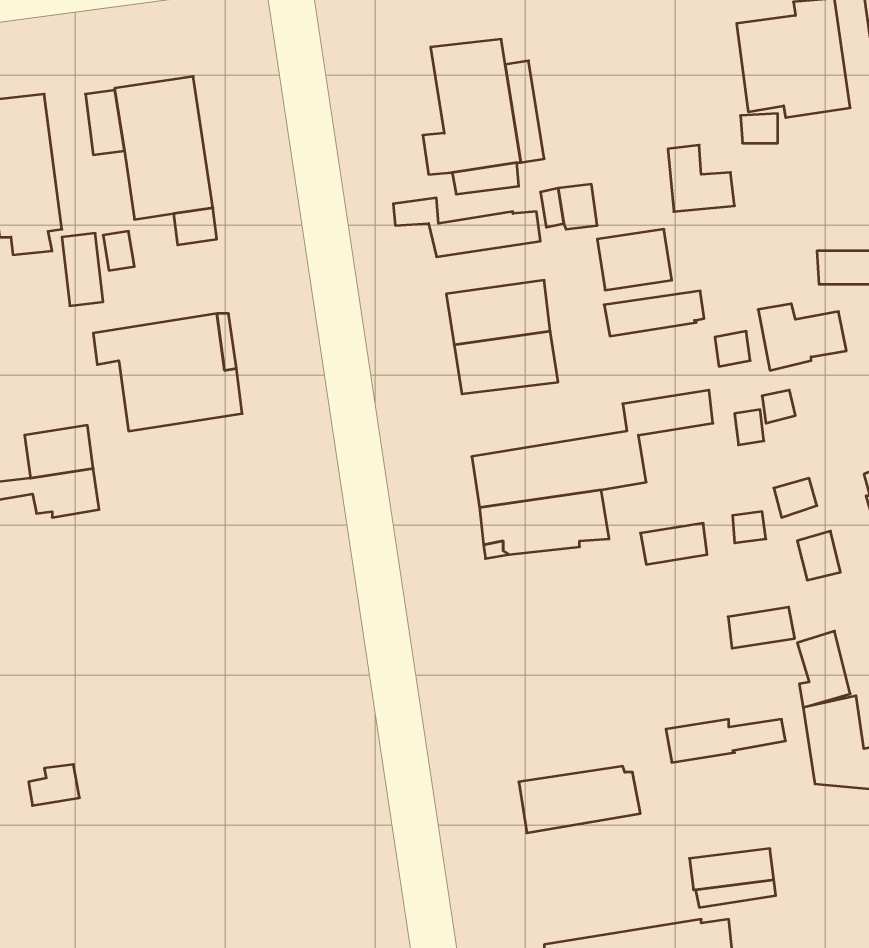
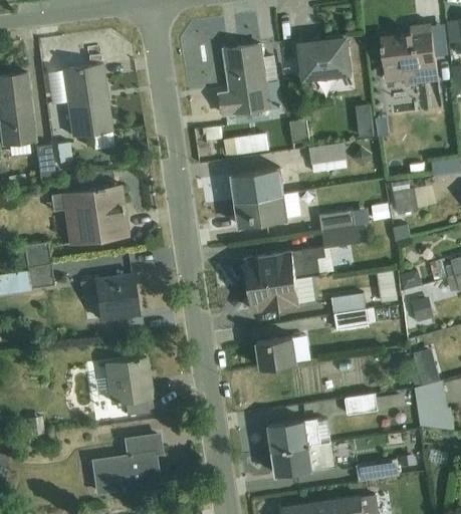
building: none -> [300,34,351,80]
building: [604,291,704,336] -> [319,208,371,231]
building: none -> [79,274,140,319]
building: [728,607,795,648] -> [334,308,369,329]
building: none -> [256,335,309,367]
building: none -> [104,357,153,414]
building: none -> [91,435,161,492]
building: none -> [273,441,335,475]

